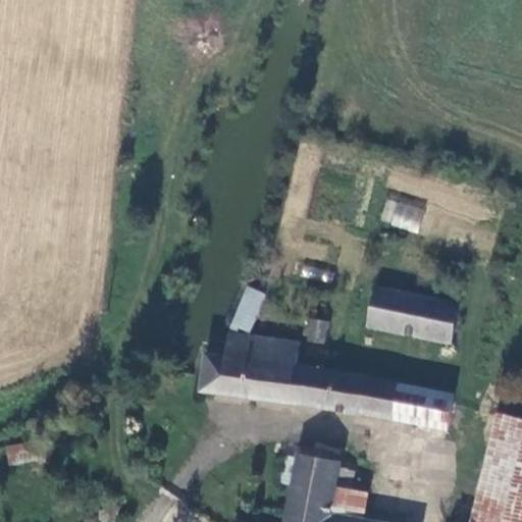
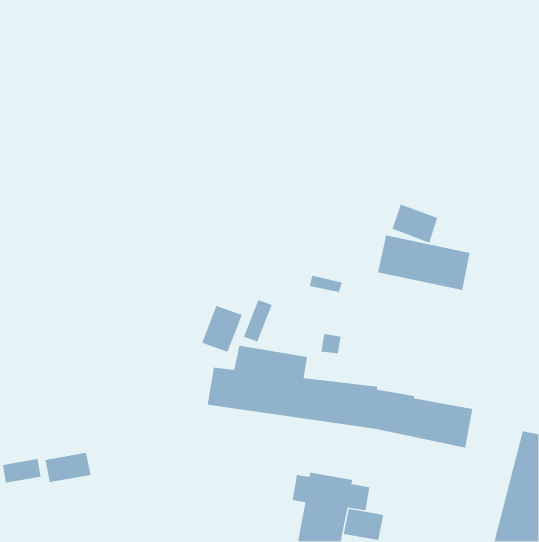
building: [368,288,458,342] -> [377,235,470,291]
building: none -> [201,305,243,353]
building: none -> [44,452,92,483]

